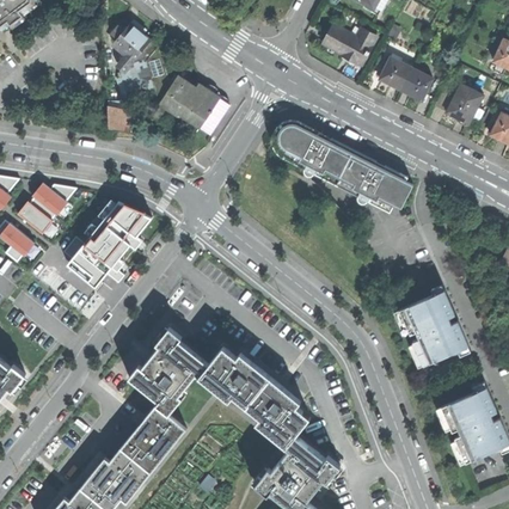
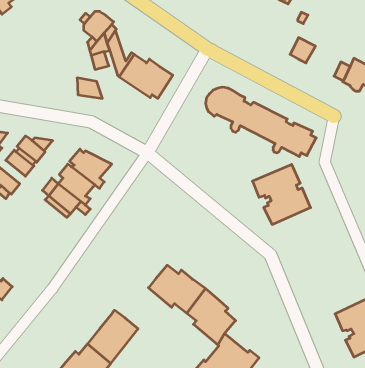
building: [324,25,376,65] -> none
building: [399,68,433,100] -> none
building: [393,292,467,368] -> [252,164,311,224]
building: [128,327,208,415] -> none

